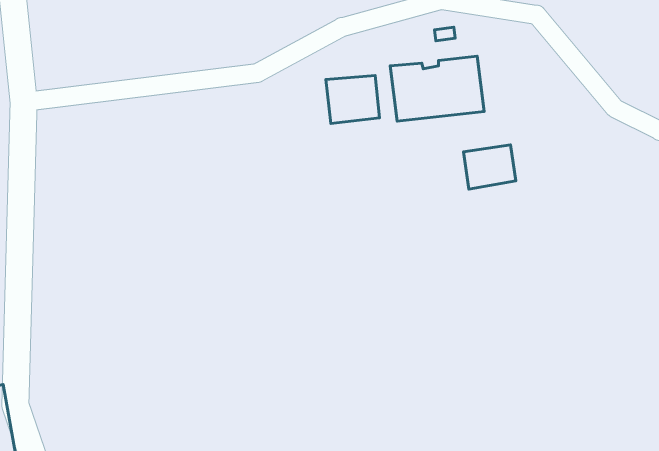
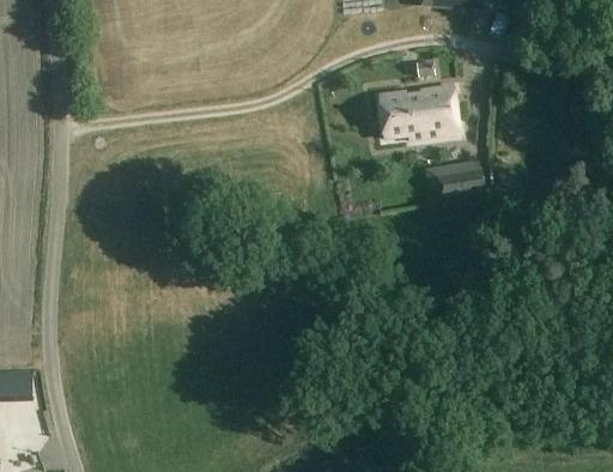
building: [326,76,380,123] -> none

